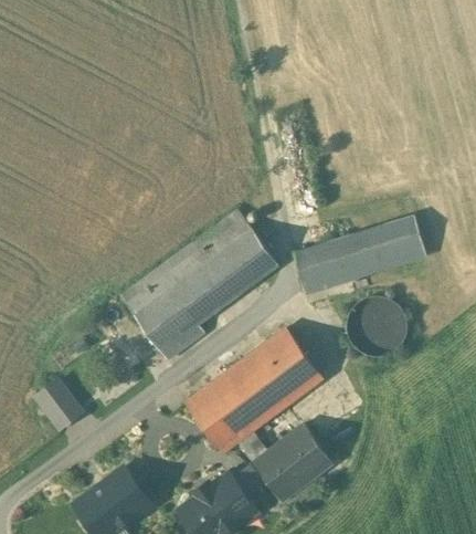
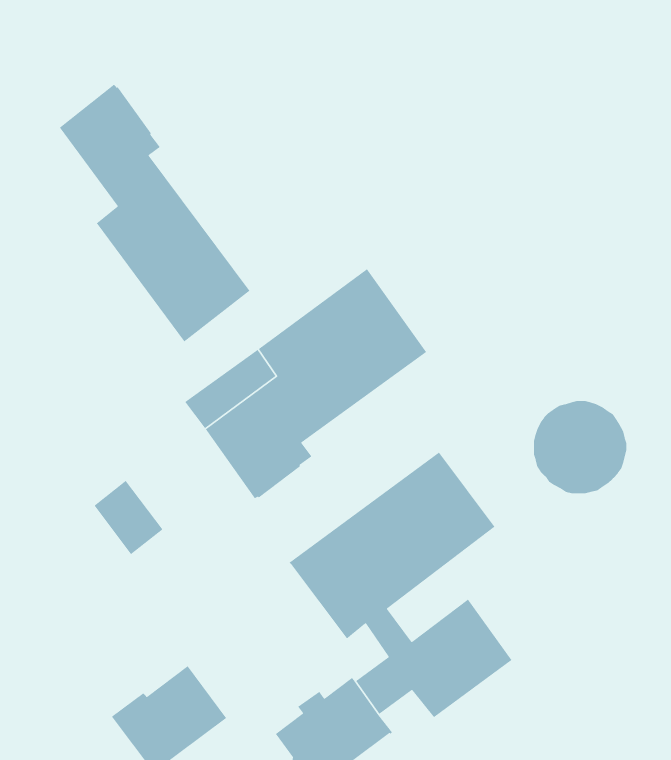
building: none -> [59,84,250,343]
building: [294,214,424,290] -> none
building: [36,381,82,430] -> [93,480,163,555]

